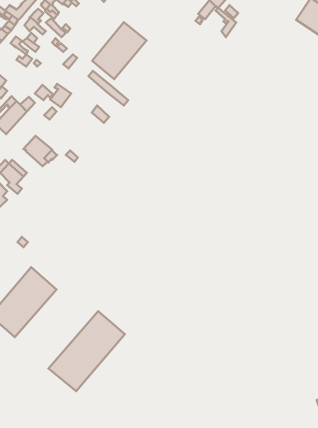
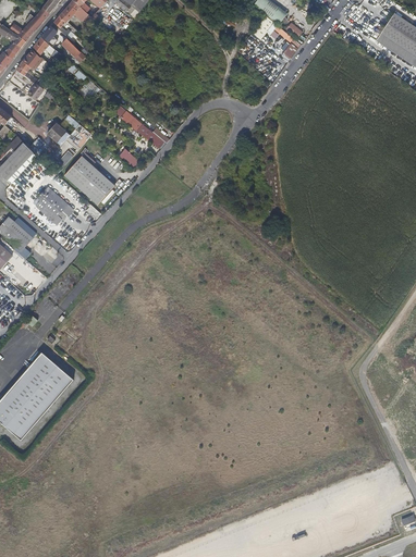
building: [92,22,147,79] -> none
building: none -> [63,152,114,205]
building: [49,311,125,391] -> none

